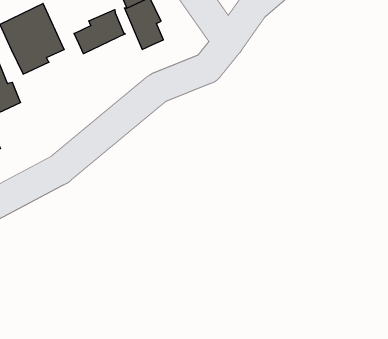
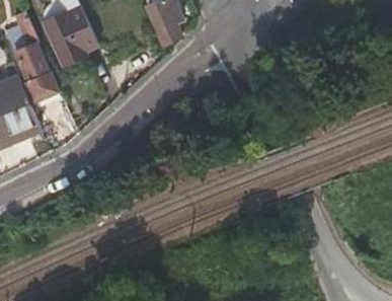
building: [74,10,125,54] -> none

